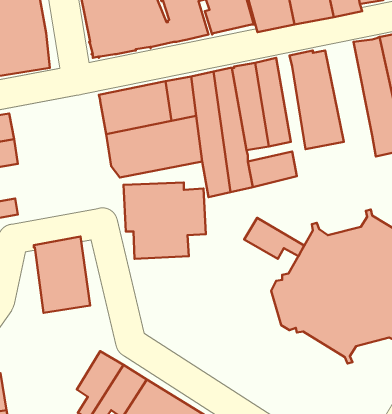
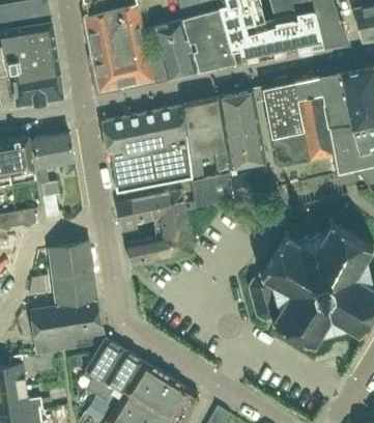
building: none -> [294,78,334,162]
building: none -> [32,134,74,197]
building: [244,218,304,259] -> none
building: none -> [30,300,103,356]

